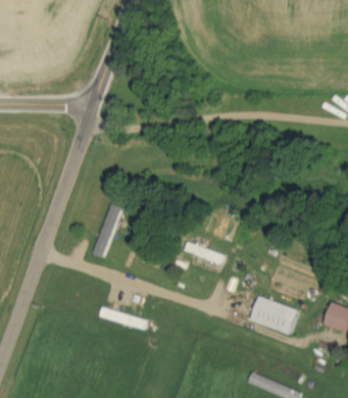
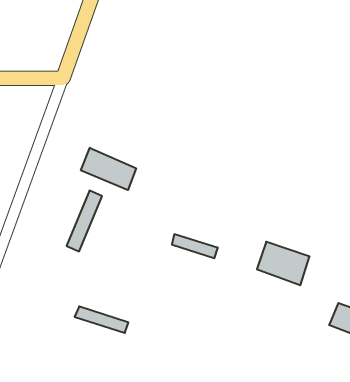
building: none -> [81,148,136,190]
building: [251,296,298,335] -> [257,242,310,285]

